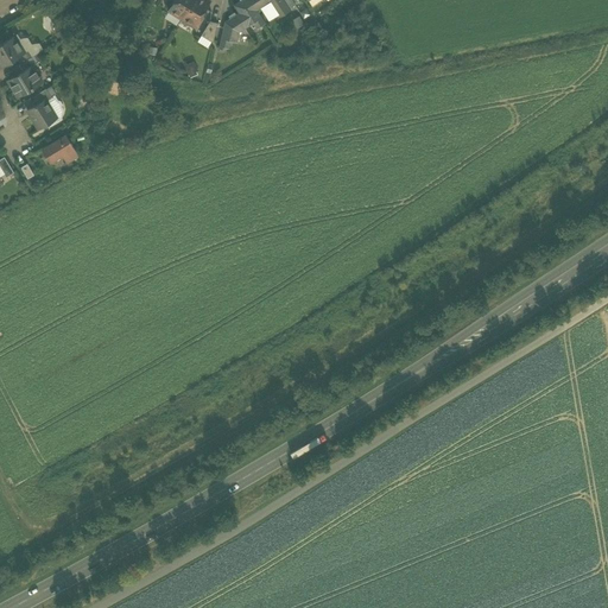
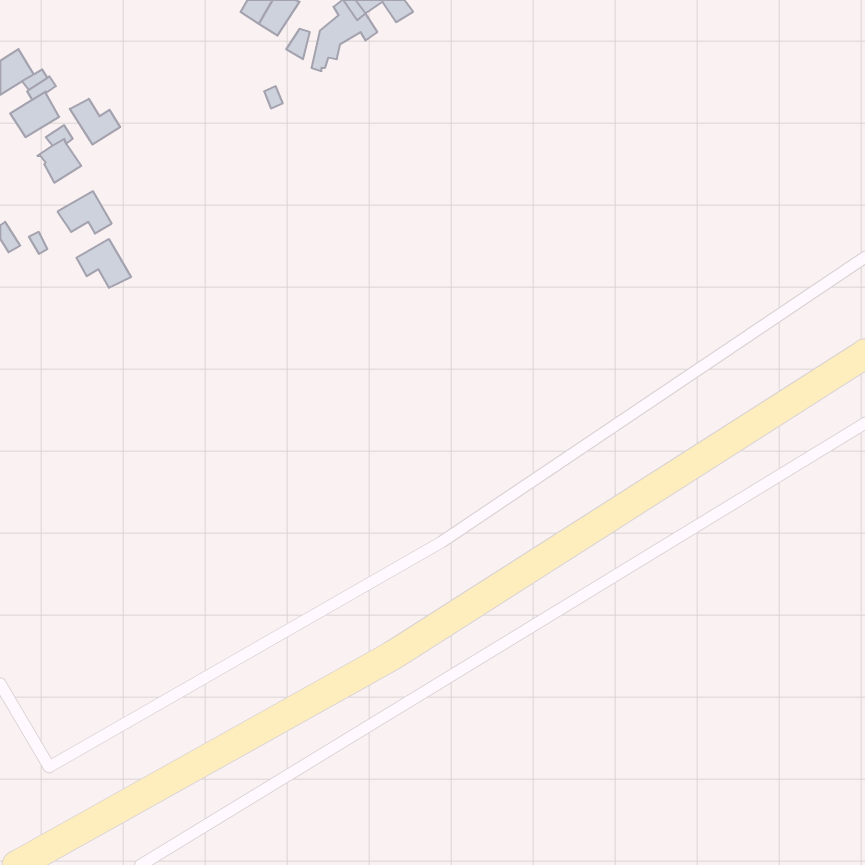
building: none -> [70,99,120,145]
building: none -> [76,239,131,288]

